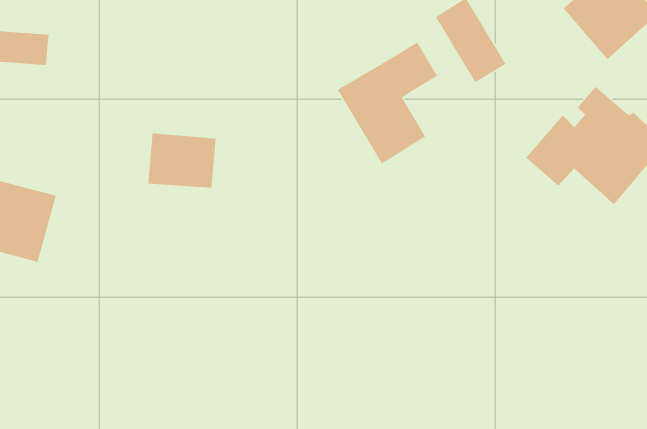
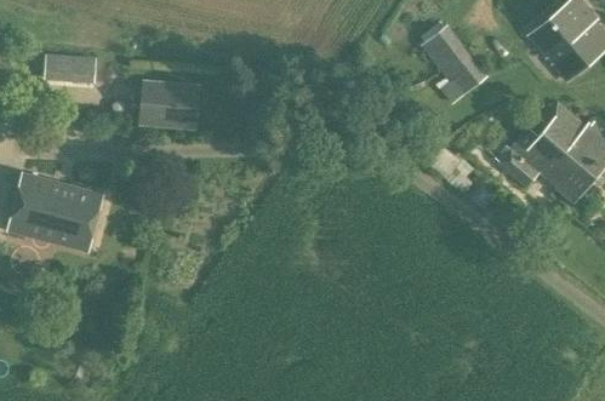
building: [337,41,438,165] -> none
building: [148,132,217,189] -> [141,79,199,126]

